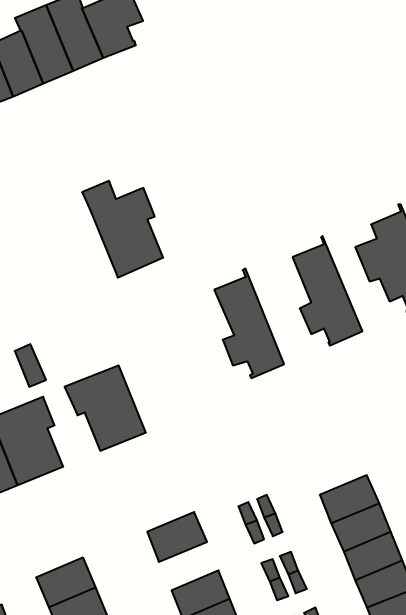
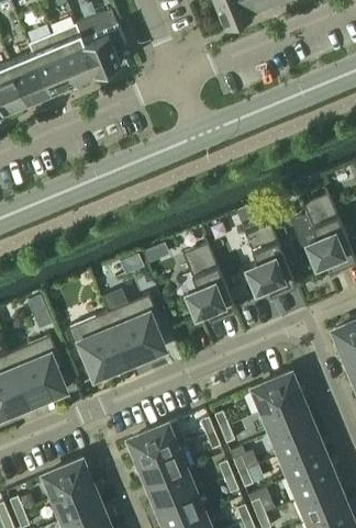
building: [82,181,163,278] -> [101,290,164,364]
building: none -> [254,374,299,413]
building: none -> [138,449,185,486]

